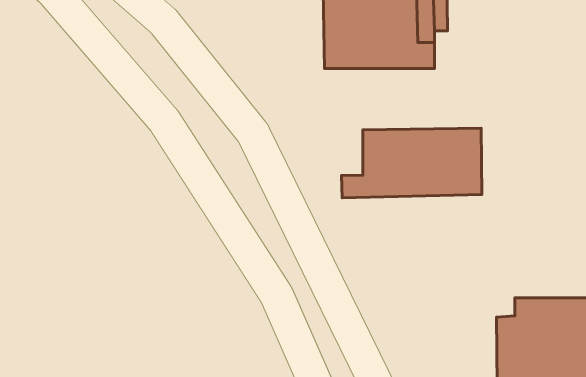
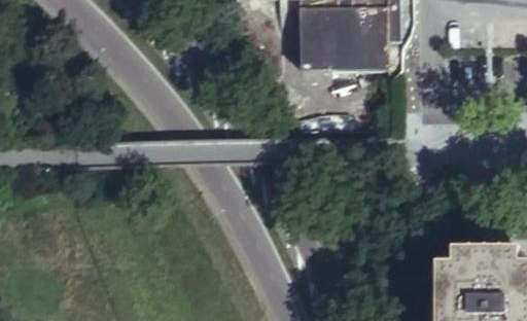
building: [342,128,482,198] -> none

